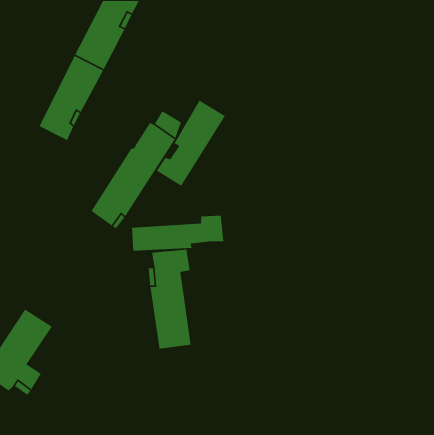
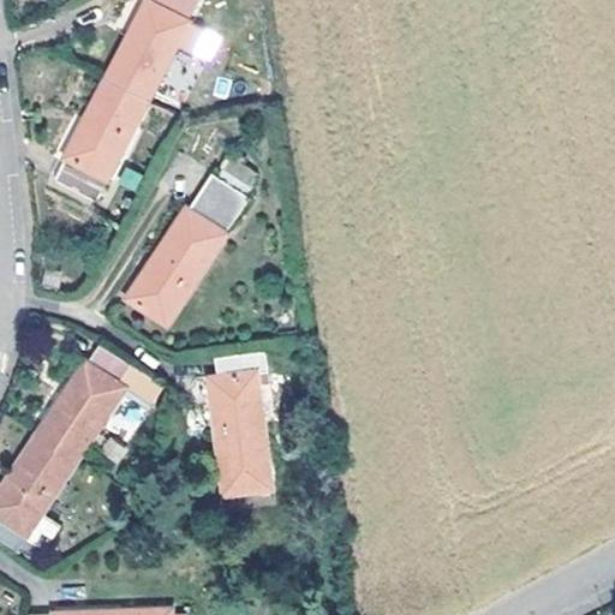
building: [156,100,226,187] -> none
building: [131,215,224,252] -> none
building: none -> [35,345,162,461]

